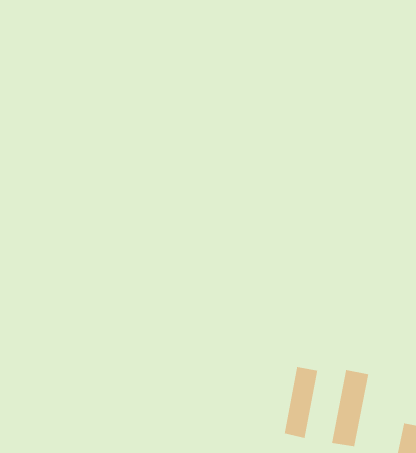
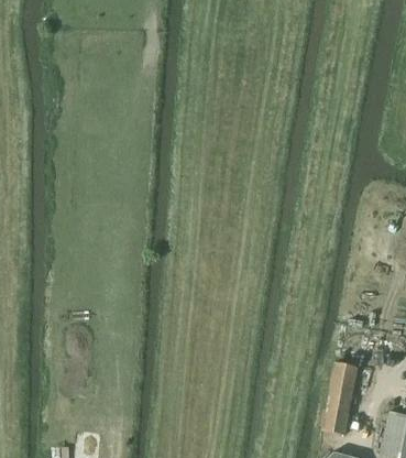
building: [284,366,318,439] -> none

